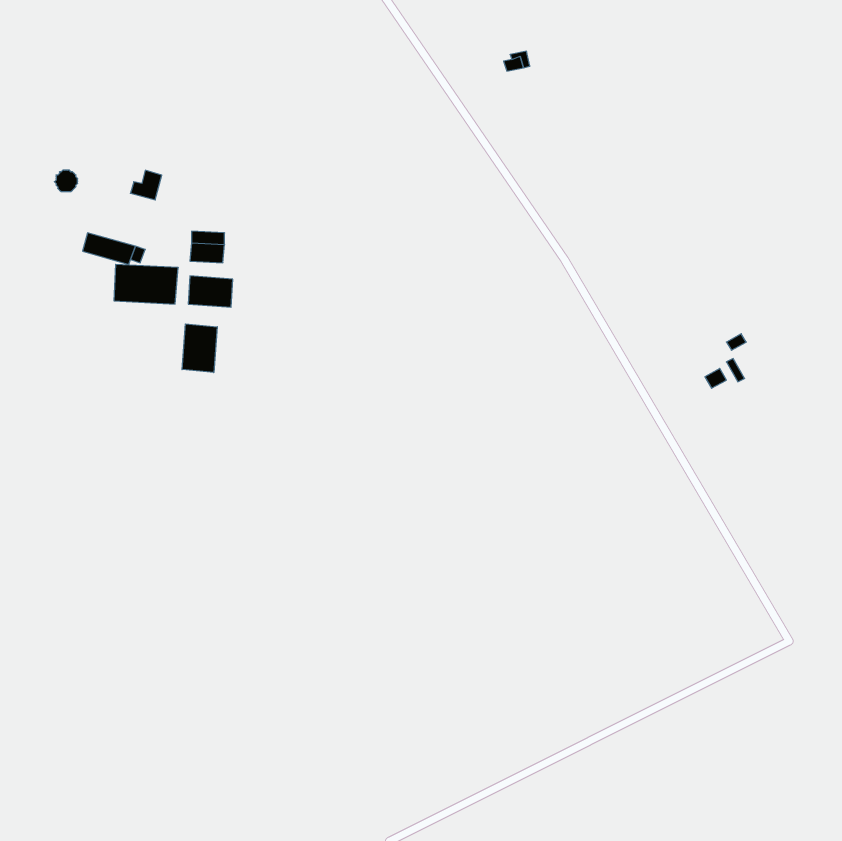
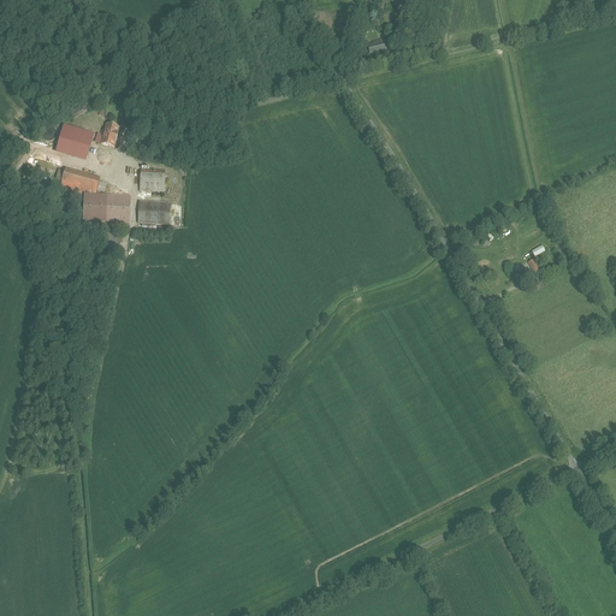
building: none -> [55,125,93,161]
building: [182,324,217,373] -> none

